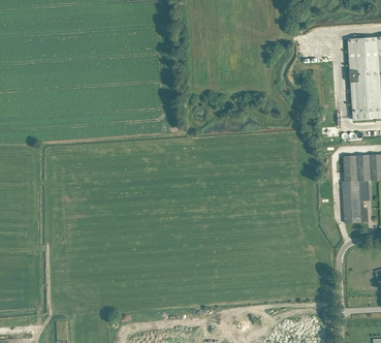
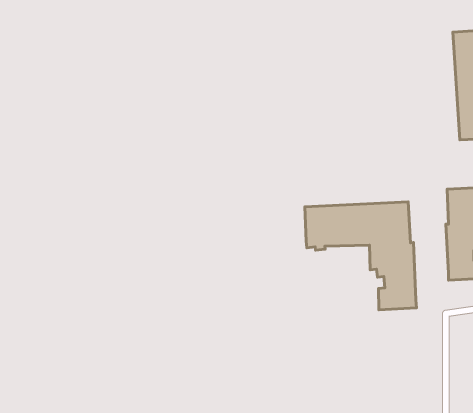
building: none -> [305,202,417,310]

